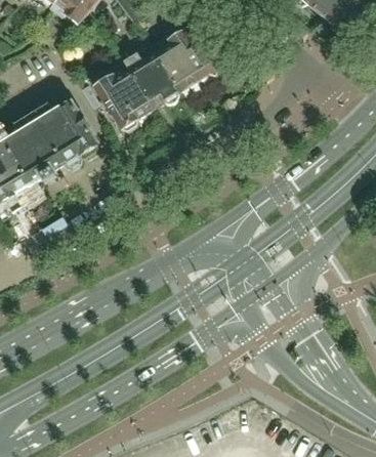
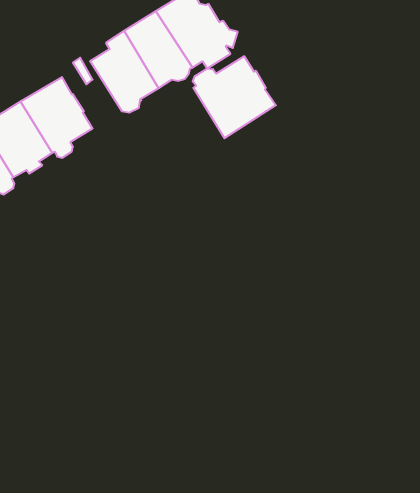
building: none -> [193,56,276,138]

